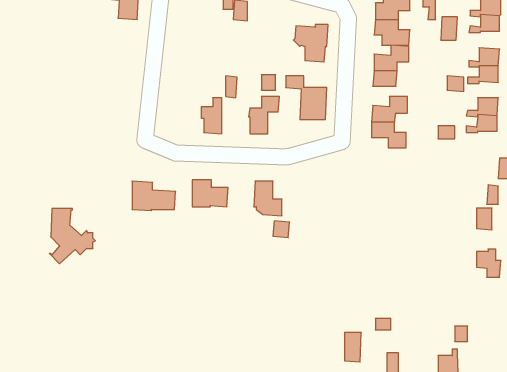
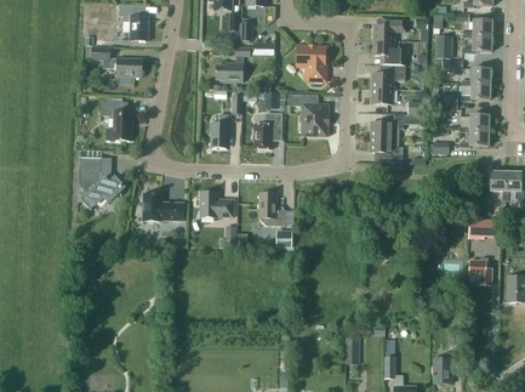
building: none -> [91,46,142,76]
building: none -> [216,46,250,81]
building: none -> [101,101,132,140]
building: [49,209,95,264] -> [80,157,124,209]

